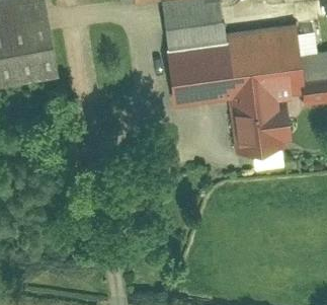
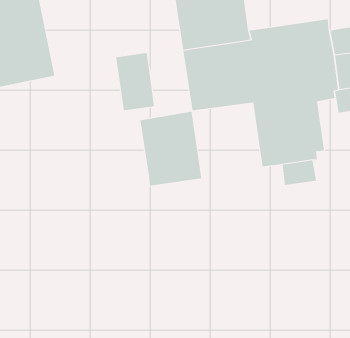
building: none -> [115,52,154,111]
building: none -> [140,111,202,187]

